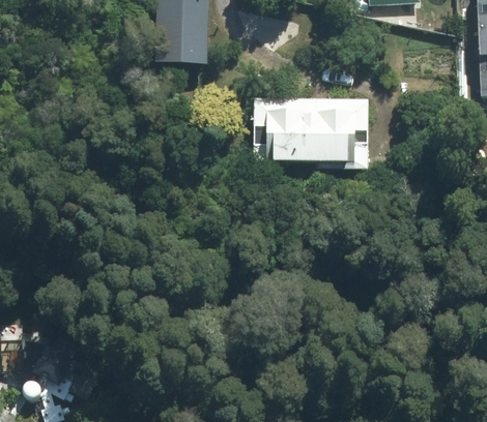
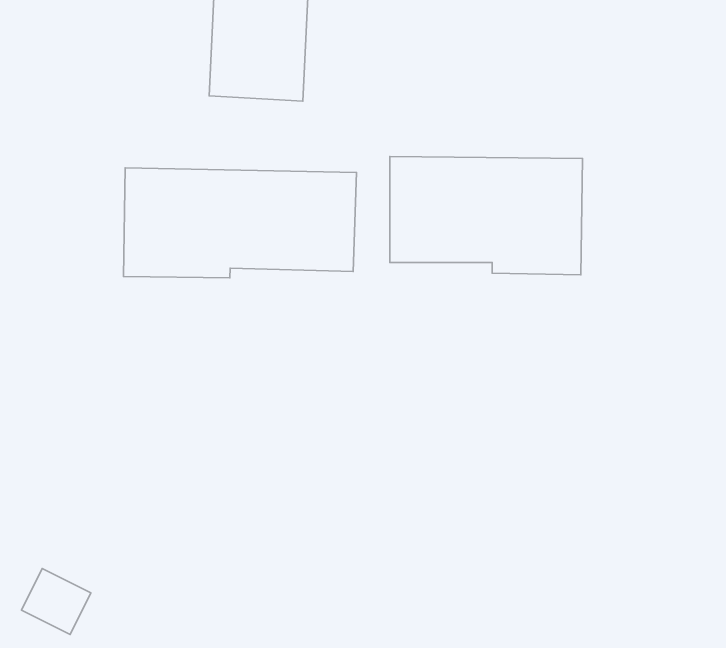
building: none -> [124,168,357,278]

